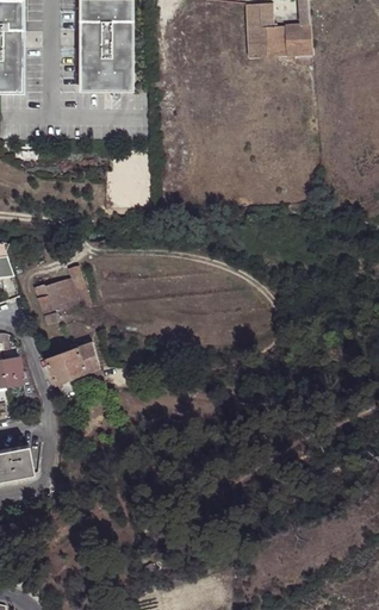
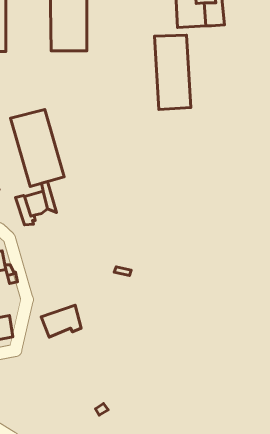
building: none -> [154,35,191,109]
building: none -> [11,110,64,186]
building: [48,342,101,385] -> [41,305,81,337]

